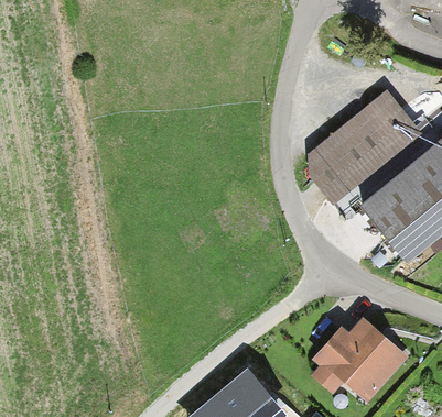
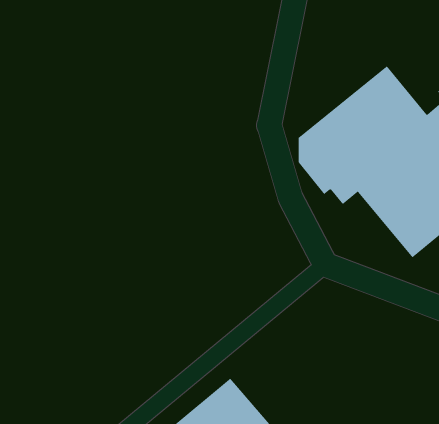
building: [311,318,406,399] -> none

